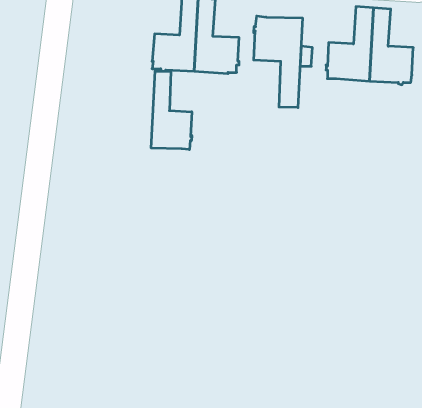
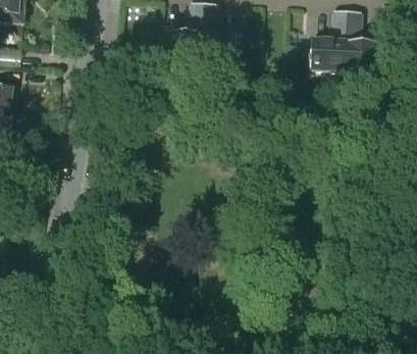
building: [254,16,302,108] -> none
building: [151,71,192,150] -> none

